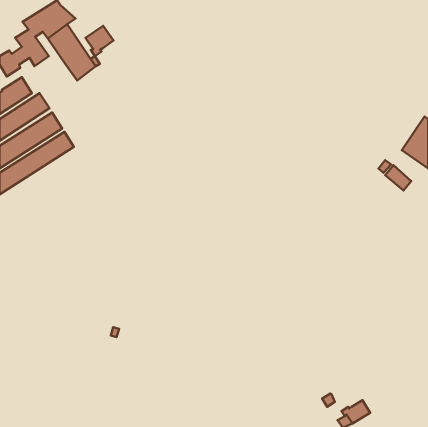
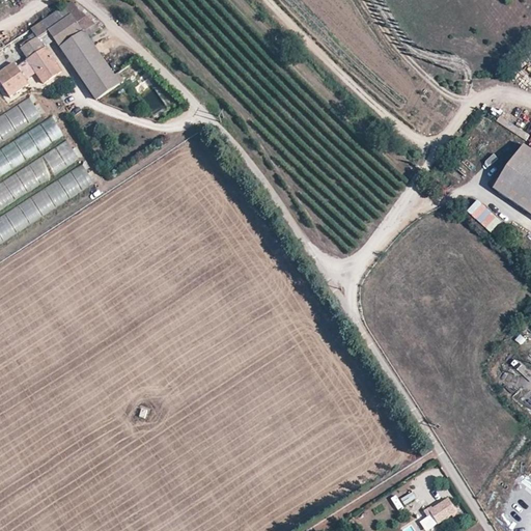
building: [86,26,114,56] -> none

